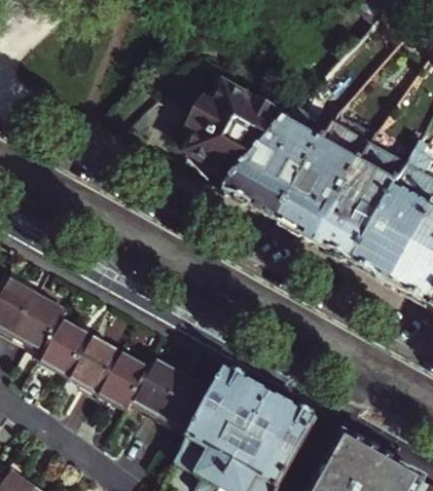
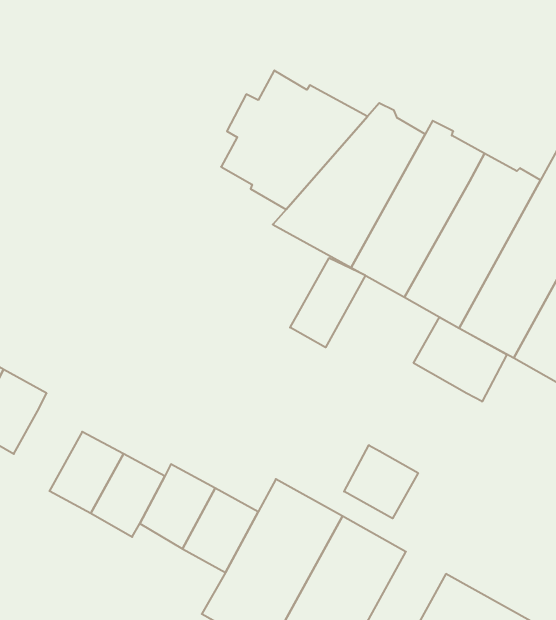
building: none -> [290,258,365,347]
building: none -> [414,317,507,402]
building: [38,318,91,376] -> none
building: none -> [344,445,418,518]

